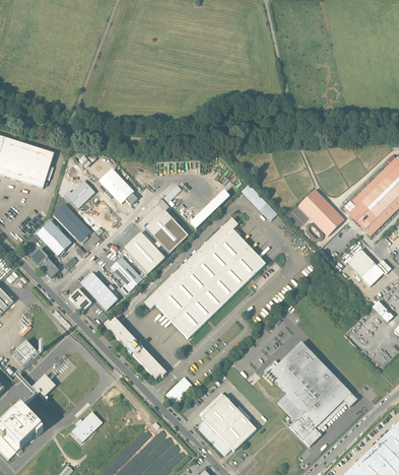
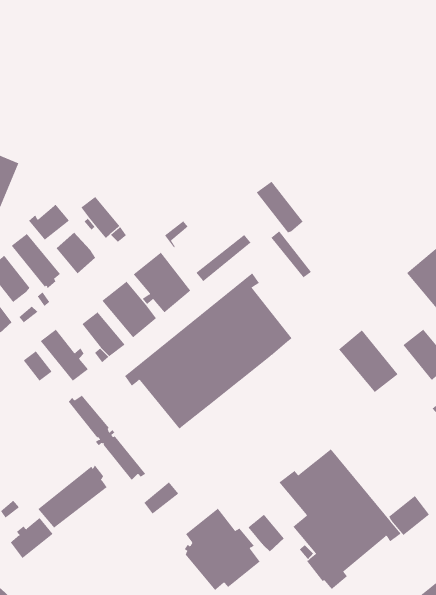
building: none -> [256,181,304,233]
building: [298,190,344,235] -> [338,329,398,393]
building: none -> [56,232,96,274]
building: none -> [37,465,108,529]
building: none -> [388,495,430,536]
building: none -> [248,514,285,552]

